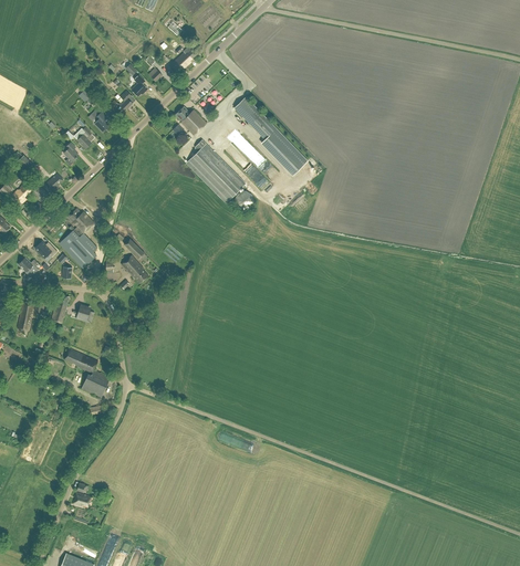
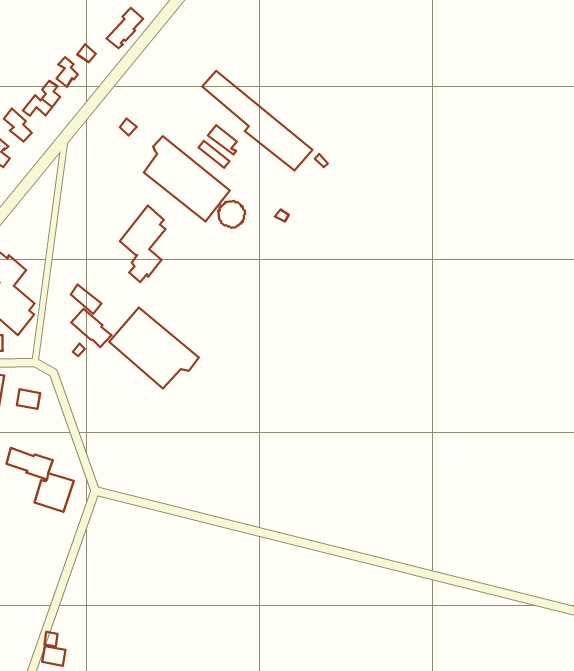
building: [176,106,207,135] -> none
building: none -> [120,206,165,282]
building: none -> [109,308,199,388]

